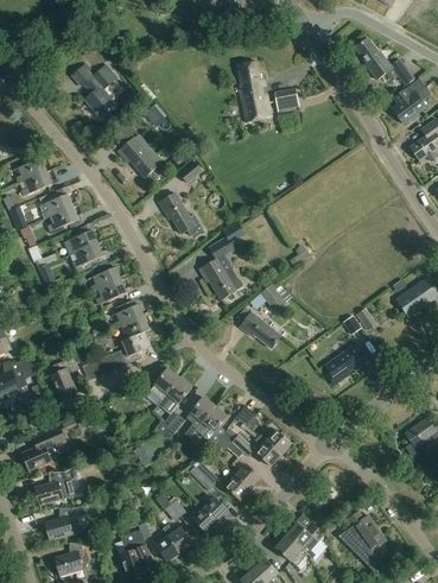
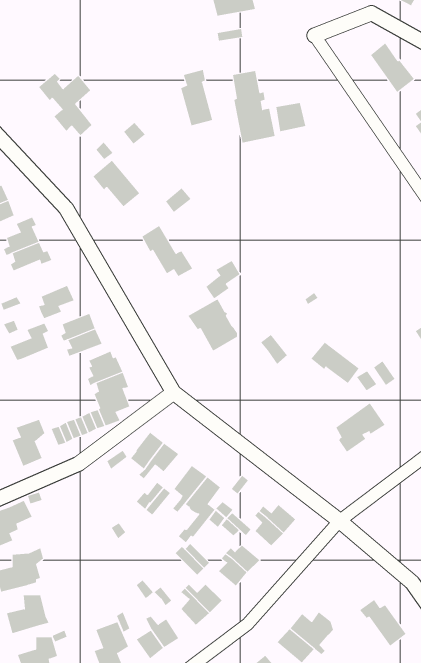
building: none -> [180,69,213,126]
building: [63,222,96,254] -> [10,323,49,360]
building: [239,312,280,348] -> [311,342,359,384]

